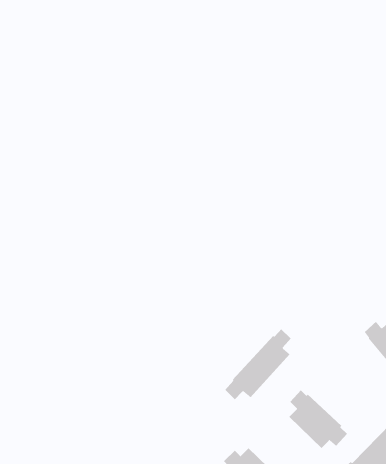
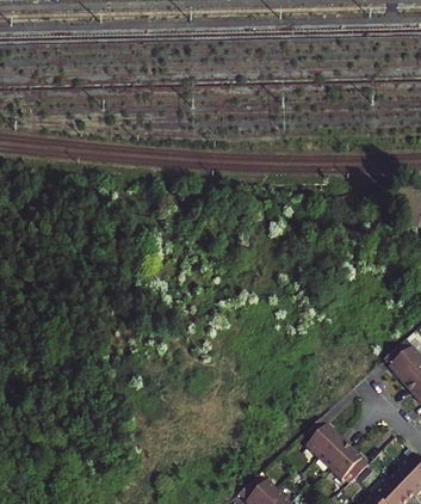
building: [224,328,292,400] -> none

